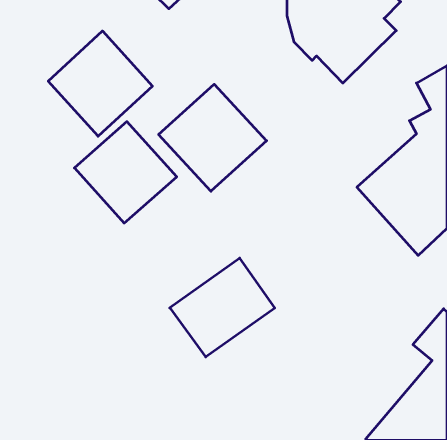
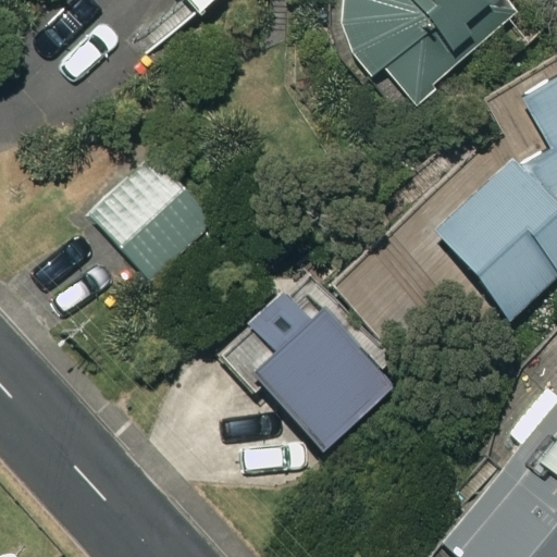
building: [48,31,152,136] -> none
building: [159,84,267,191] -> none

